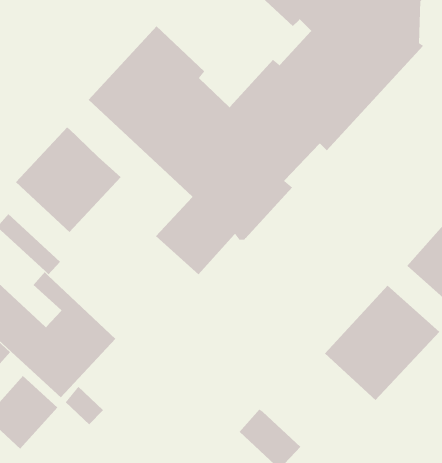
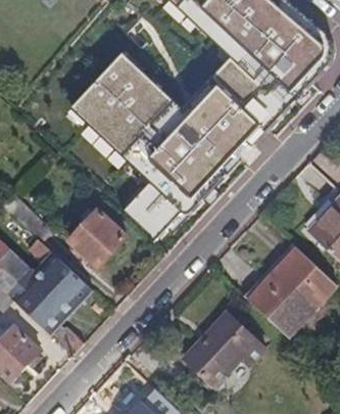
building: [15,126,122,233] -> none
building: none -> [69,211,125,266]
building: none -> [202,315,264,370]

